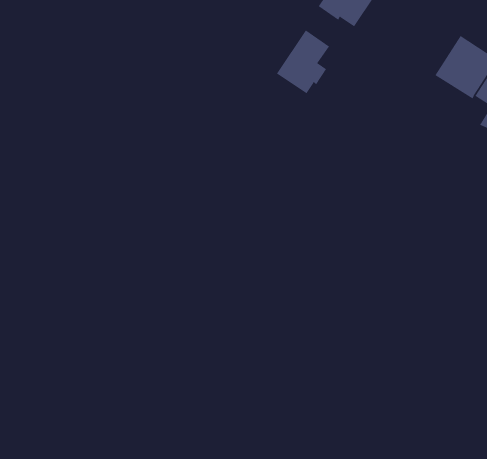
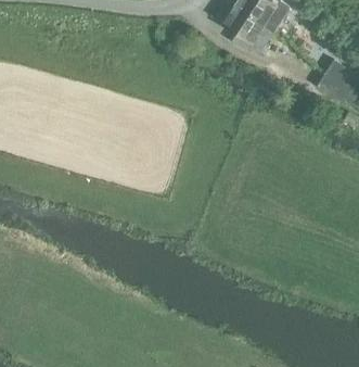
building: [276,30,330,94] -> none

